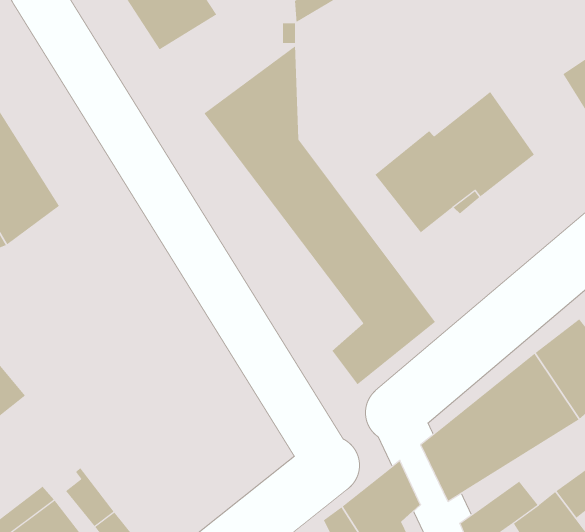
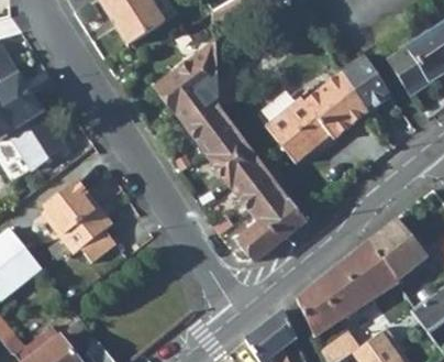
building: none -> [341,56,392,112]
building: none -> [42,179,116,263]

